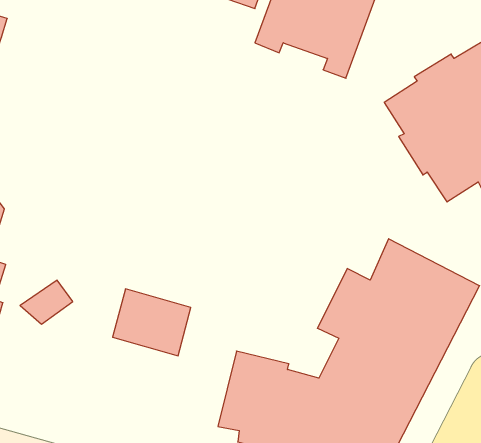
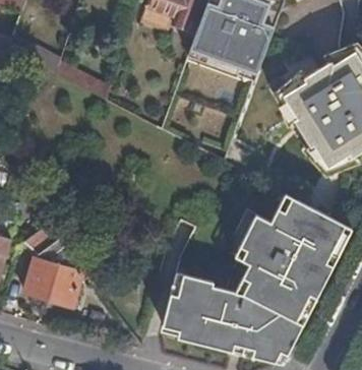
building: [113,289,191,356] -> [24,259,80,307]

